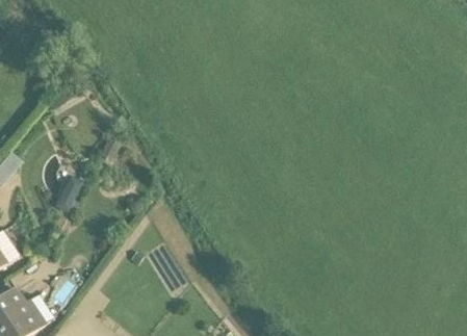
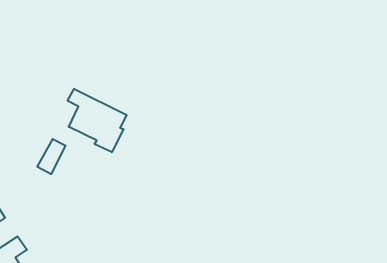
building: none -> [68,89,127,152]

